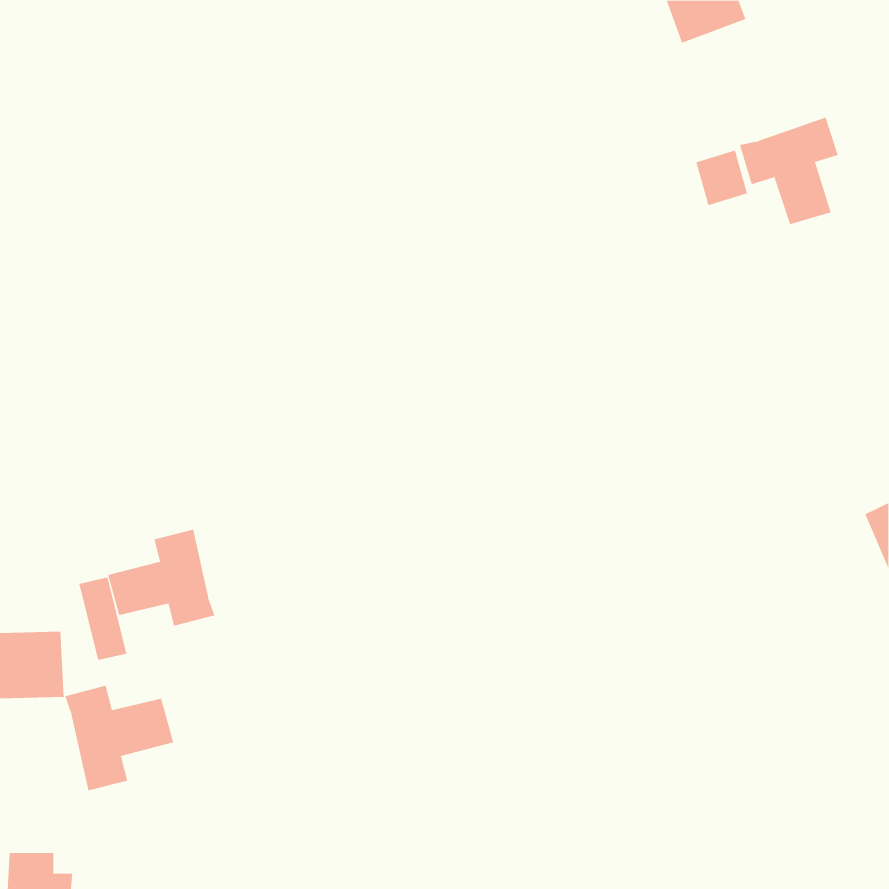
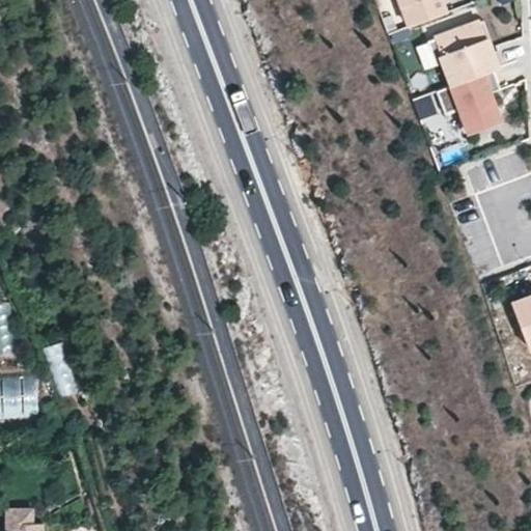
building: none -> [430,20,497,85]
building: [107,529,215,627] -> none
building: [64,685,174,791] -> none

